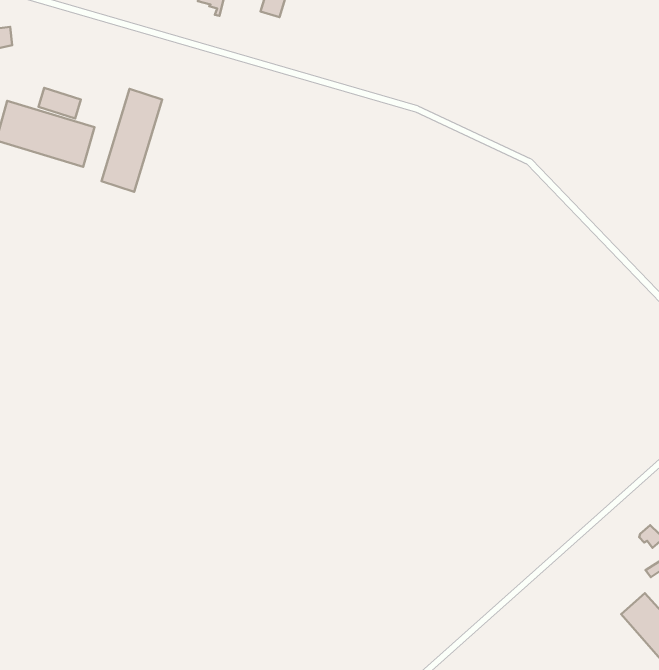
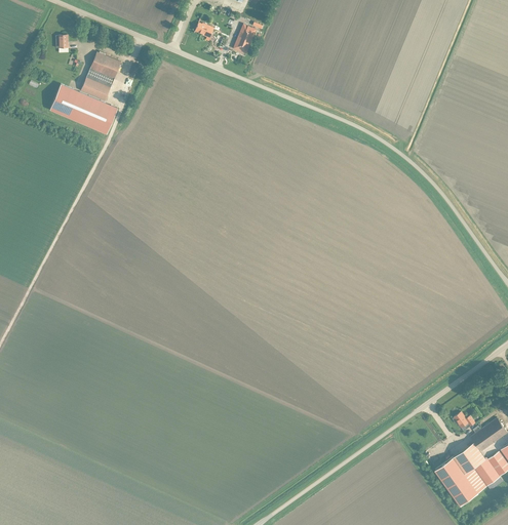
building: none -> [89,52,121,79]
building: [102,89,162,192] -> none

